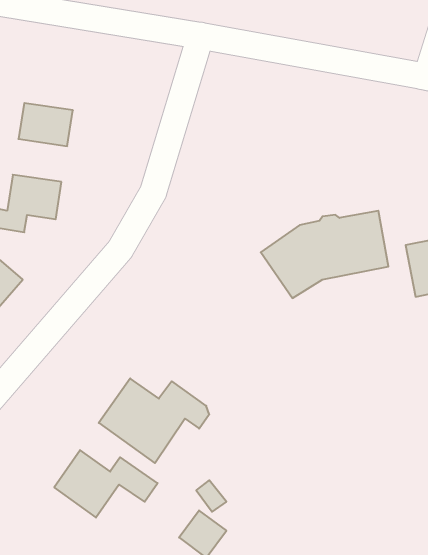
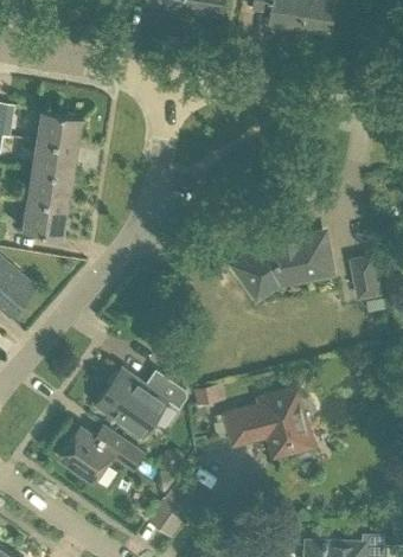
building: none -> [34,110,79,146]
building: none -> [25,169,70,205]
building: none -> [223,386,314,457]

